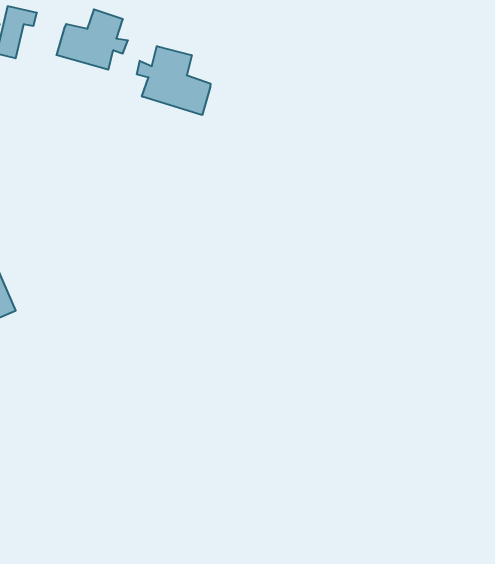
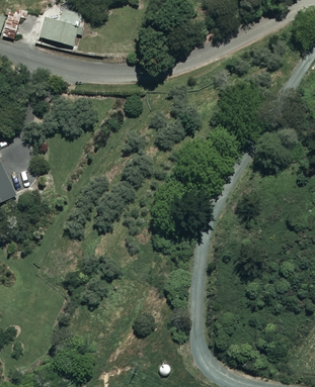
building: [137,46,211,115] -> none

